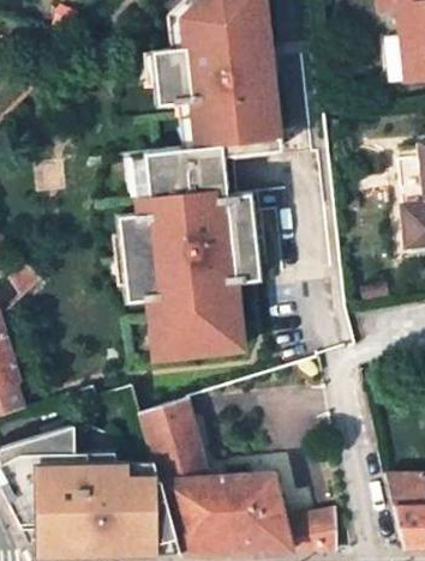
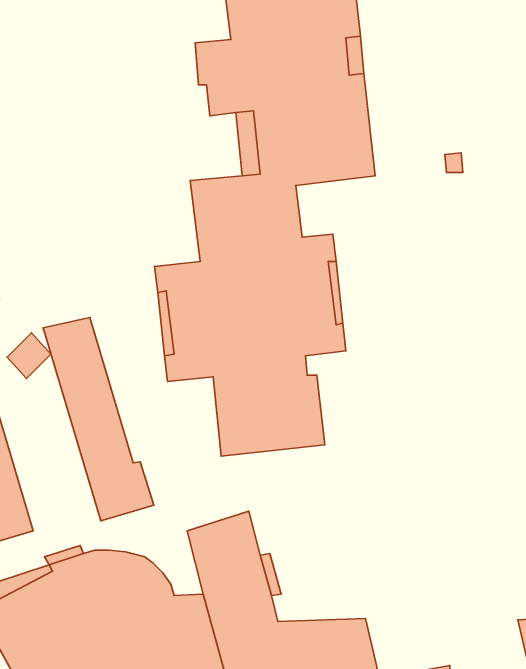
building: none -> [43,317,154,521]

